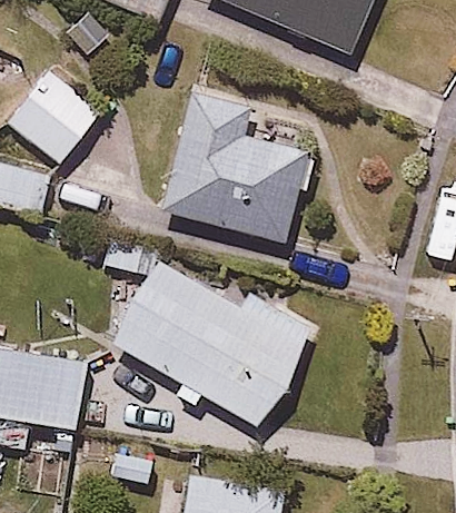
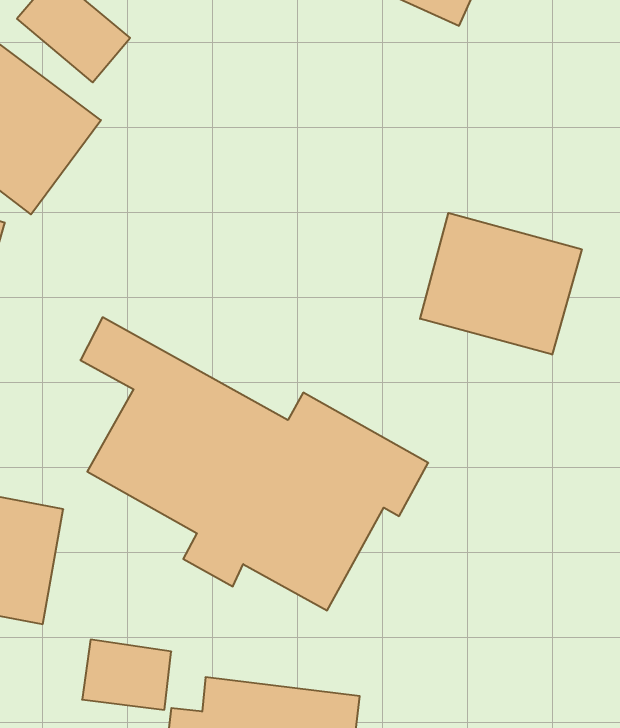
building: [160,89,327,244] -> none
building: none -> [420,213,582,355]

